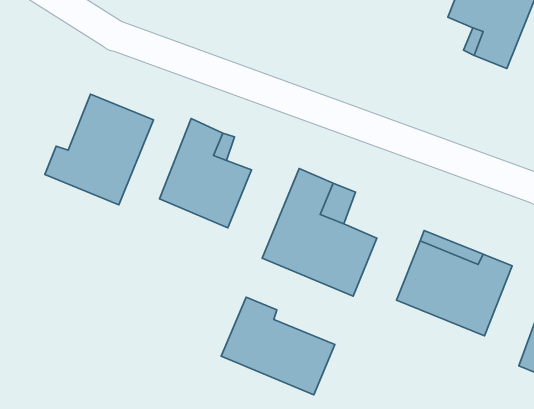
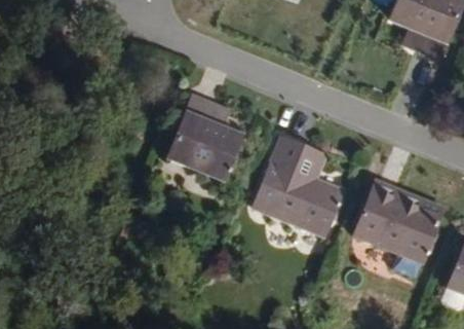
building: [45,94,154,205] -> none
building: [221,297,335,395] -> none

